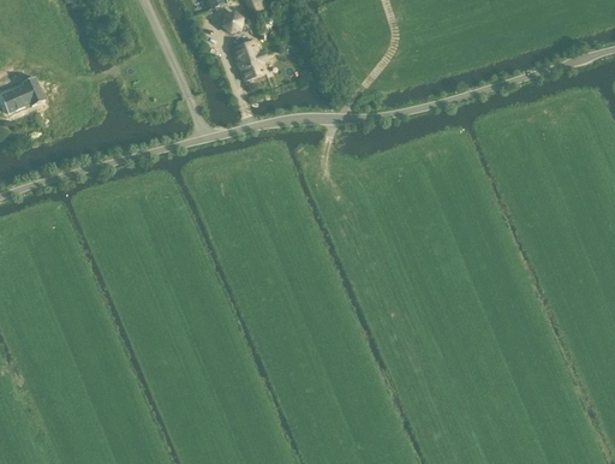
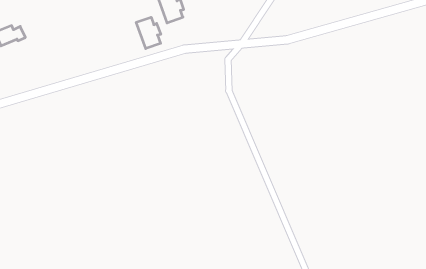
building: none -> [136,17,161,49]

